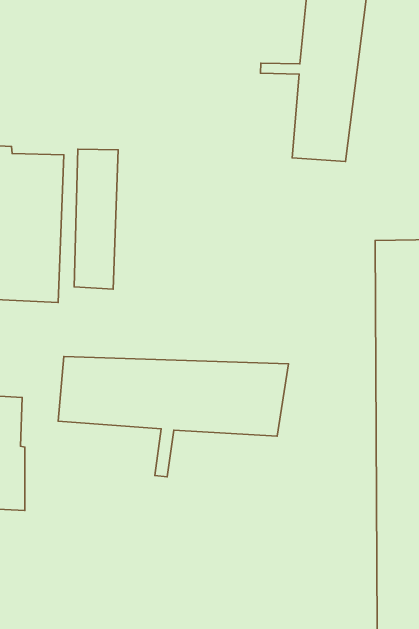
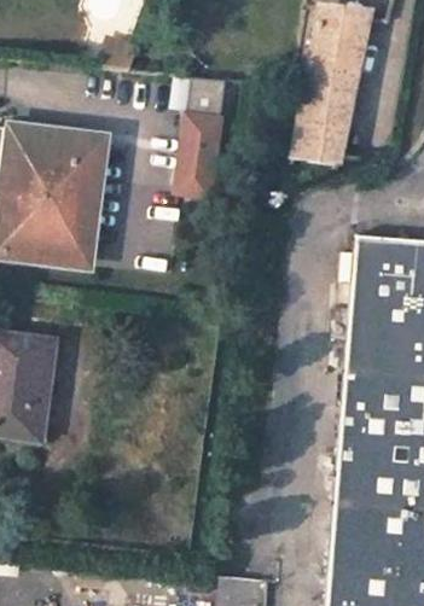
building: [74,149,118,289] -> [179,77,226,198]
building: [58,356,288,477] -> none

